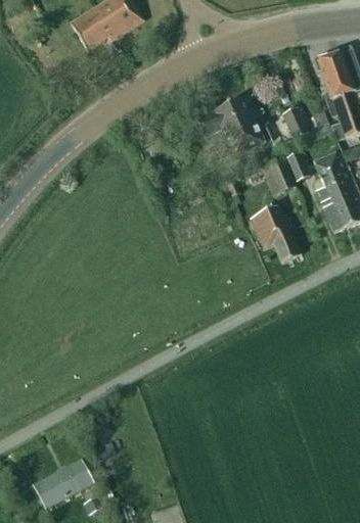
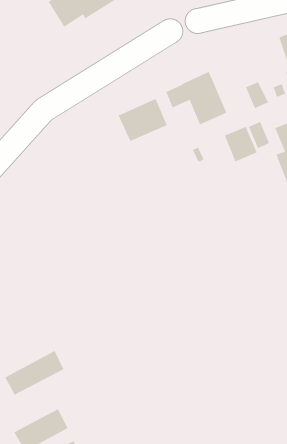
building: none -> [118,98,168,142]
building: [251,202,302,262] -> none
building: none -> [4,350,64,395]

